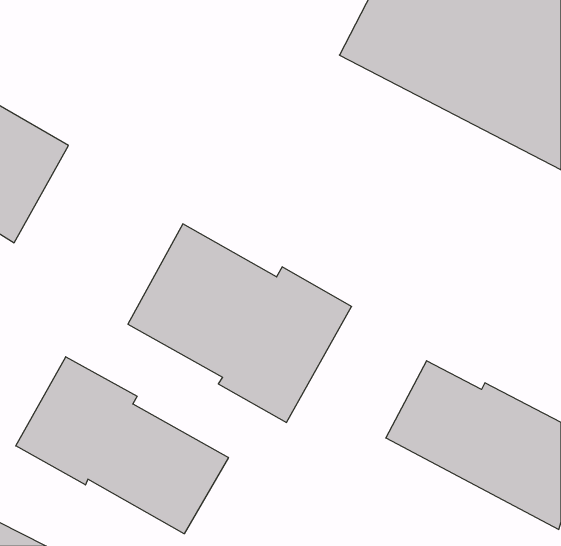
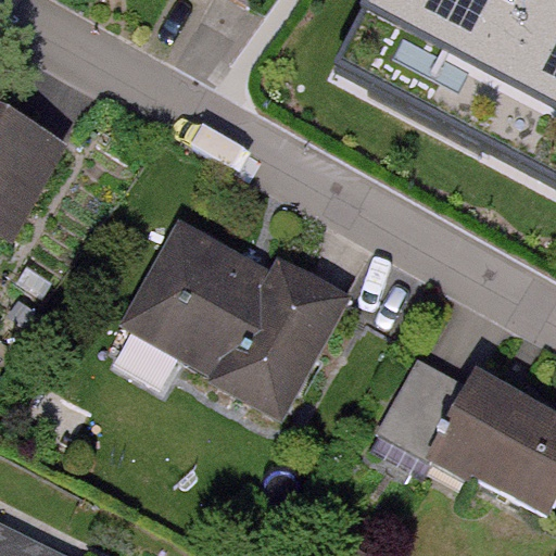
building: [16,357,228,534] -> none

